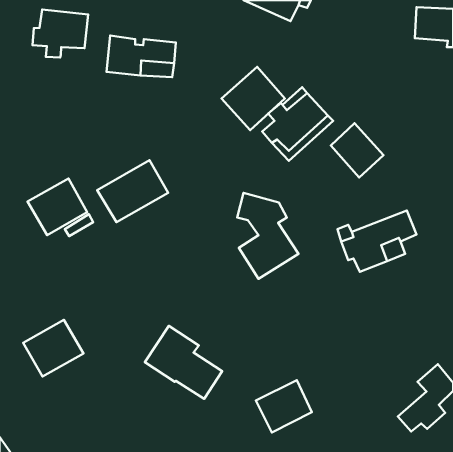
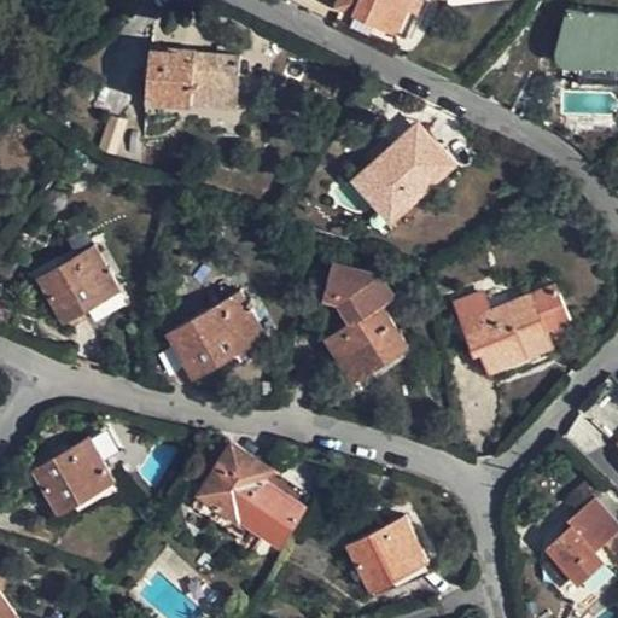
building: [32,9,88,58] -> none
building: [222,67,285,130] -> none
building: [331,123,384,177] -> none
building: [97,160,168,222] -> [167,292,263,377]

